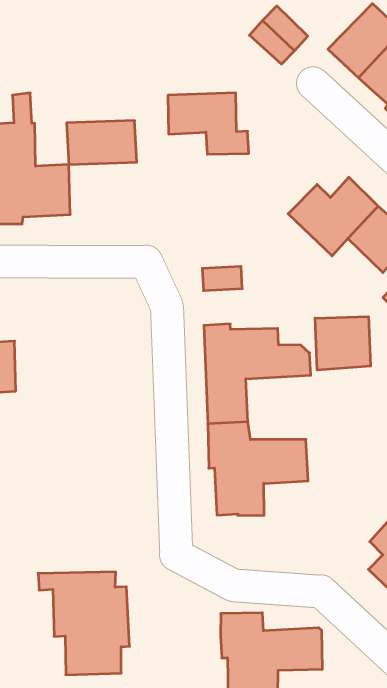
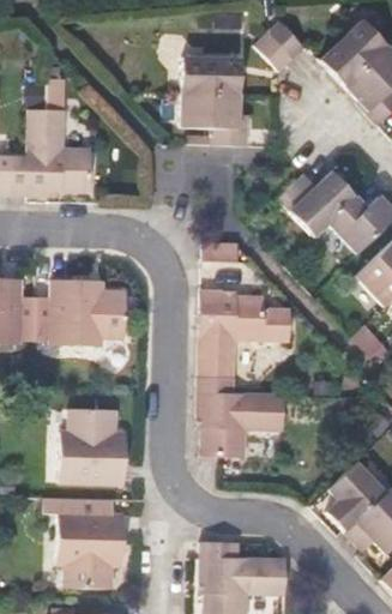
building: [67,121,137,164] -> [180,55,239,92]
building: [315,317,371,370] -> none
building: none -> [35,279,126,345]
building: none -> [58,405,125,483]

